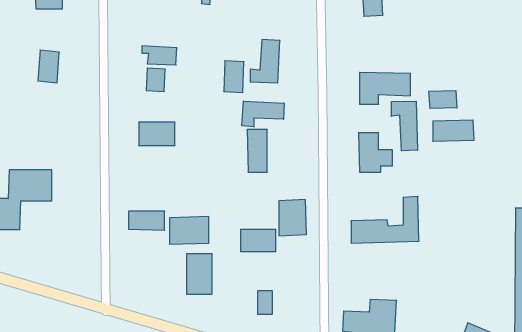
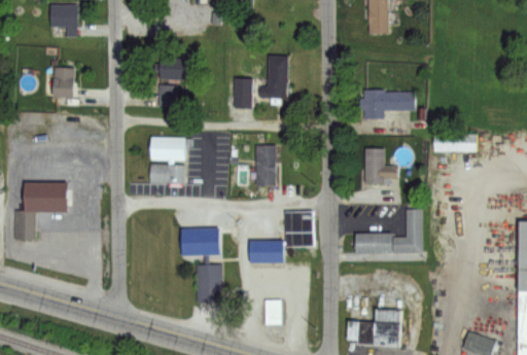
building: [429,91,457,109] -> none
building: [242,101,284,127] -> none
building: [391,101,417,151] -> none
building: [129,211,165,230] -> [150,165,185,183]

